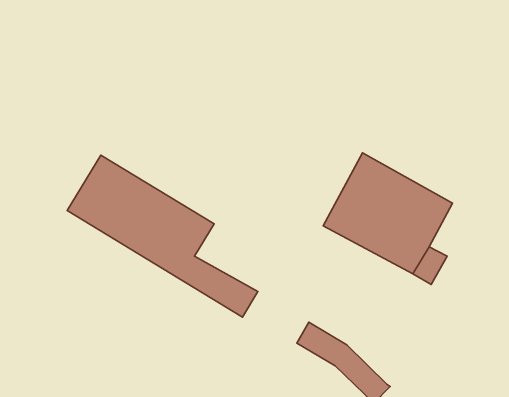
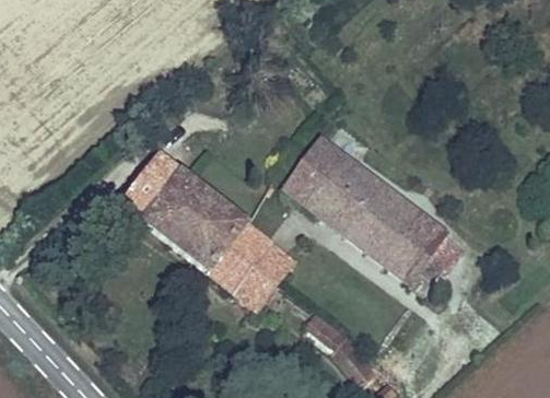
building: none -> [277,133,379,235]
building: none -> [229,222,296,283]

